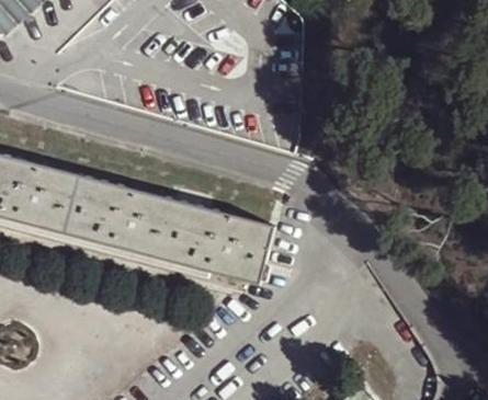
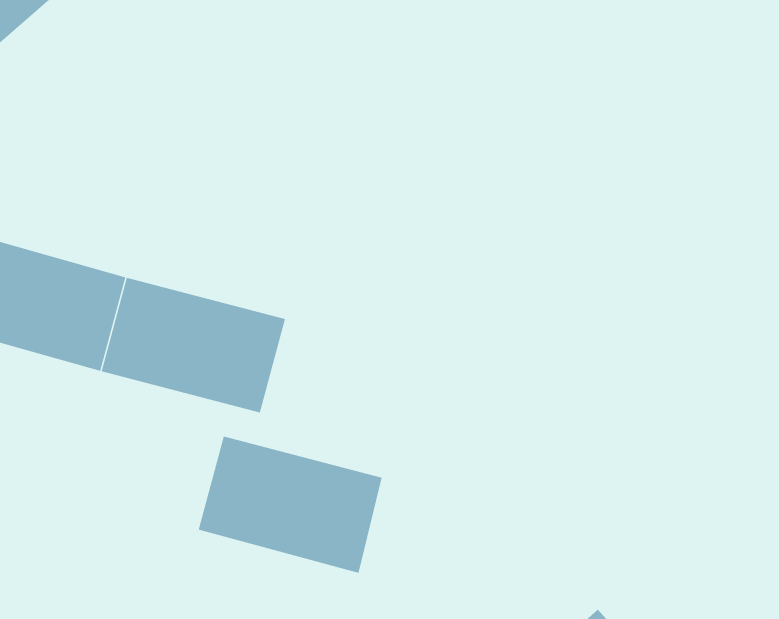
building: [158,205,270,288] -> [198,436,383,573]

